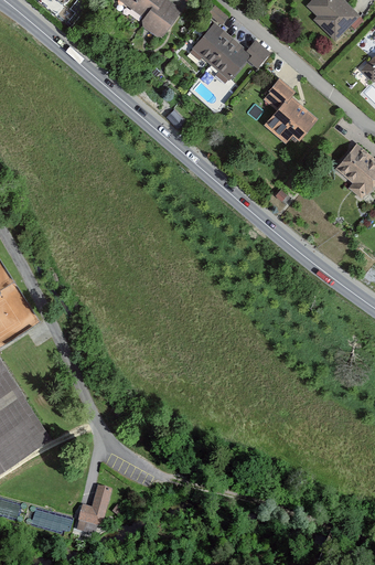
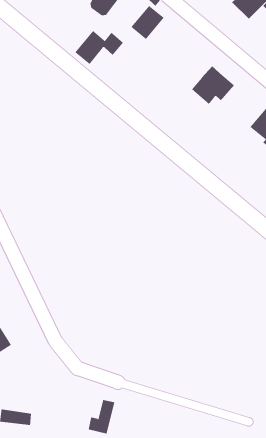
building: [211,39,270,81] -> [74,30,124,65]
building: [265,81,294,110] -> none
building: [79,484,112,526] -> [88,399,115,434]

